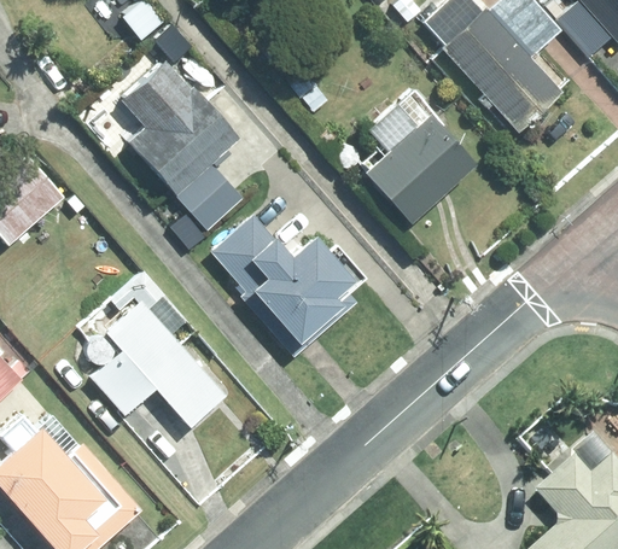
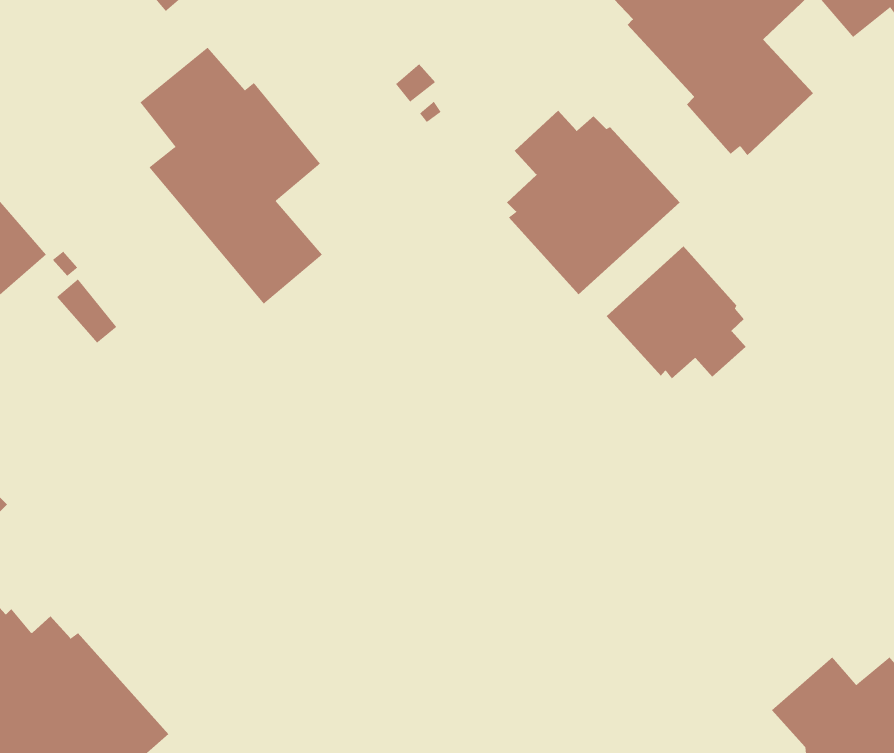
building: none -> [606,246,747,379]
building: [210,215,365,356] -> none
building: [91,269,226,427] -> none

